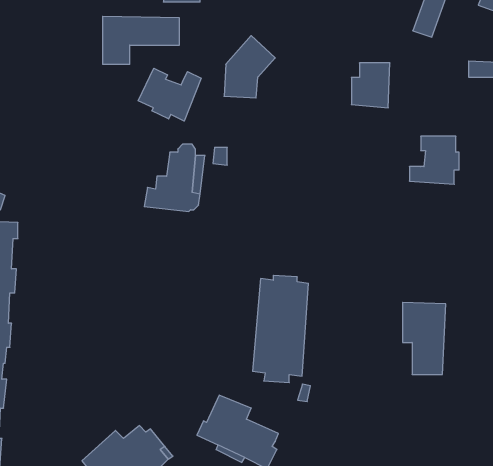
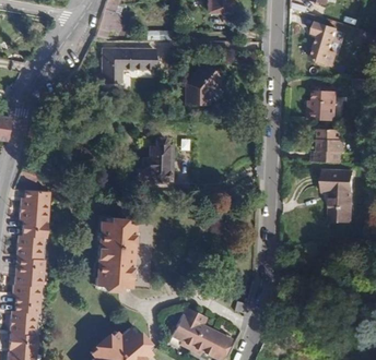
building: [351,63,390,108] -> [310,92,337,122]
building: [138,68,201,121] -> none
building: [253,275,308,383] -> [96,218,134,291]
building: [403,302,446,374] -> [325,171,354,220]

